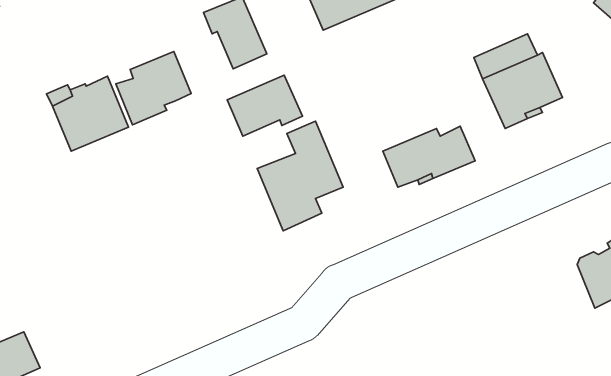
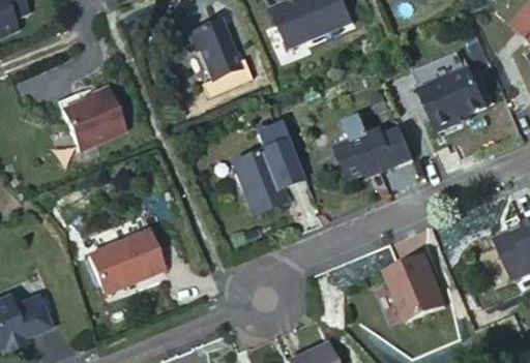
building: [116,51,191,125] -> none
building: [227,75,303,136] -> none
building: none -> [88,229,165,295]
building: none -> [384,255,444,320]

